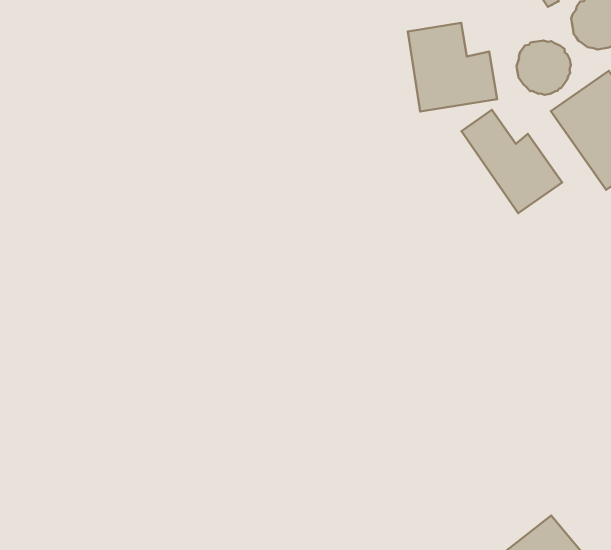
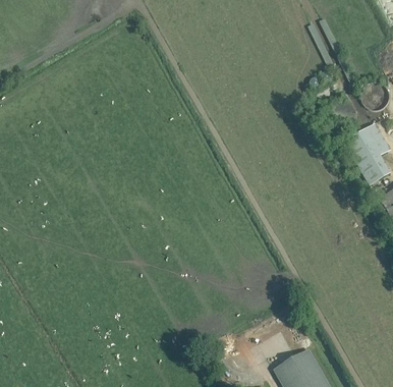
building: [408,23,497,112] -> none
building: [461,110,562,213] -> none

